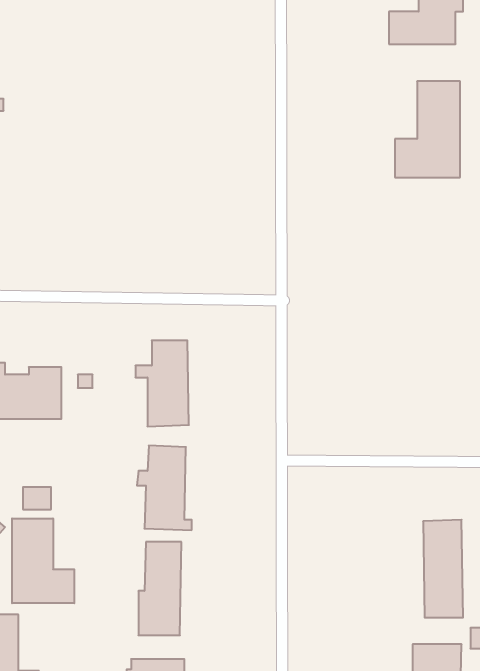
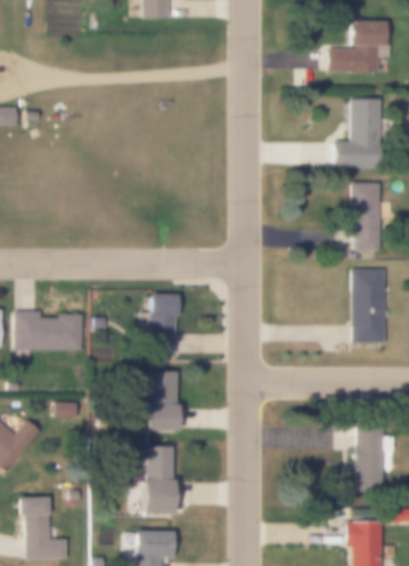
building: none -> [352,183,380,250]
building: none -> [352,270,386,344]
building: [12,518,74,603] -> none

